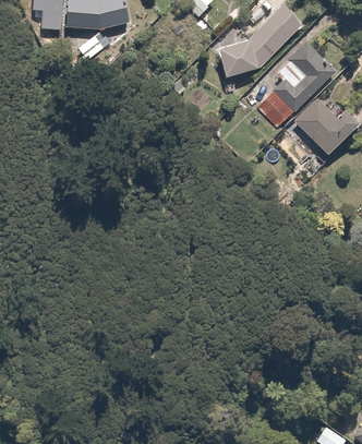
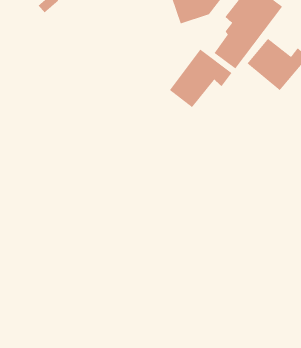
building: none -> [169,48,232,108]

